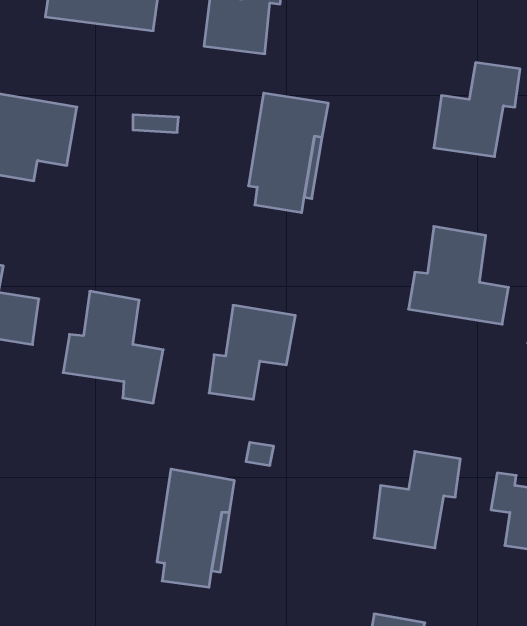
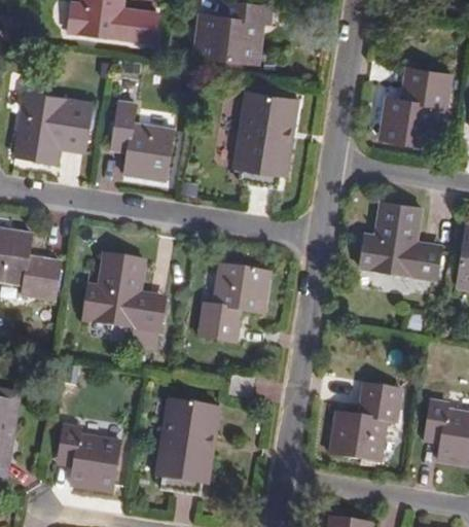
building: none -> [112,102,174,181]
building: none -> [59,424,120,490]

